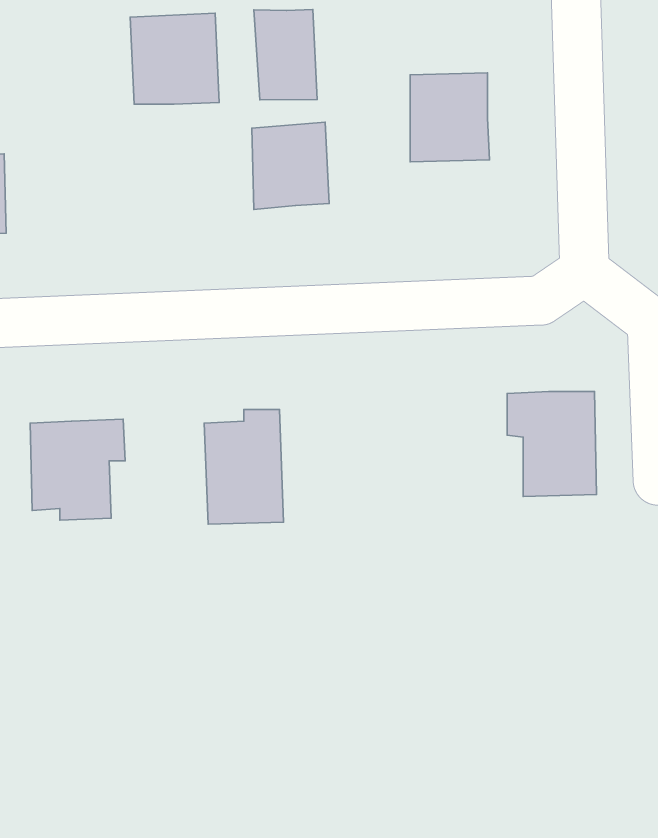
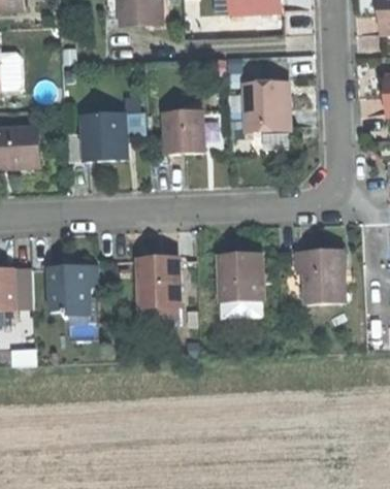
building: [254,10,317,100] -> none
building: [130,13,219,104] -> [80,111,127,159]
building: none -> [217,251,263,302]

